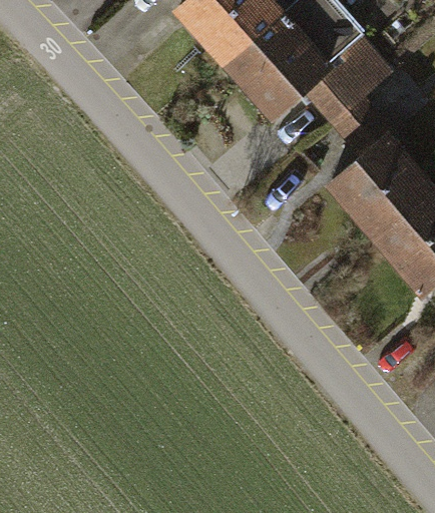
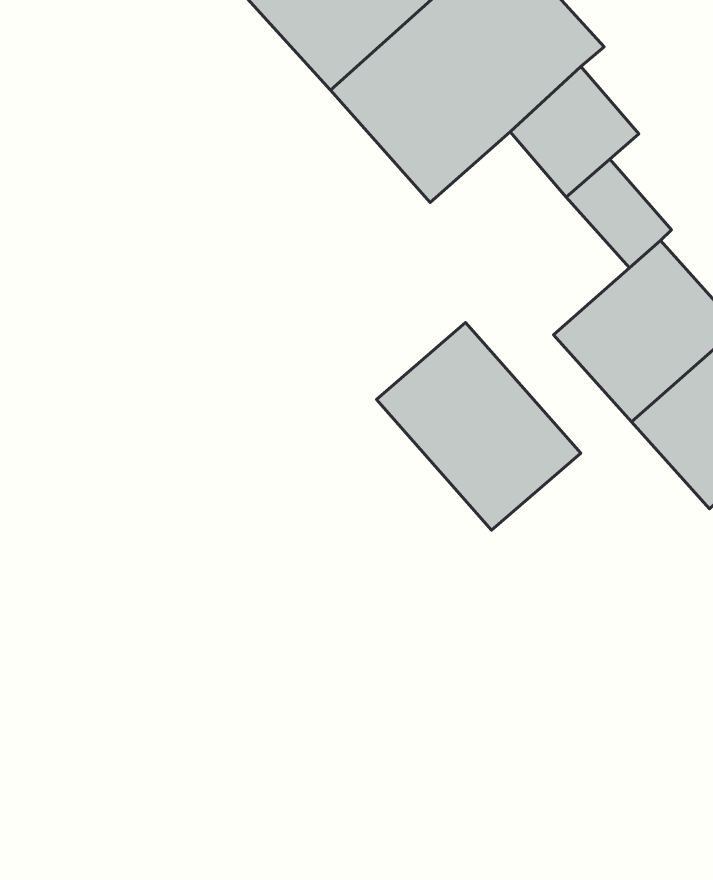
building: none -> [376,322,581,530]

